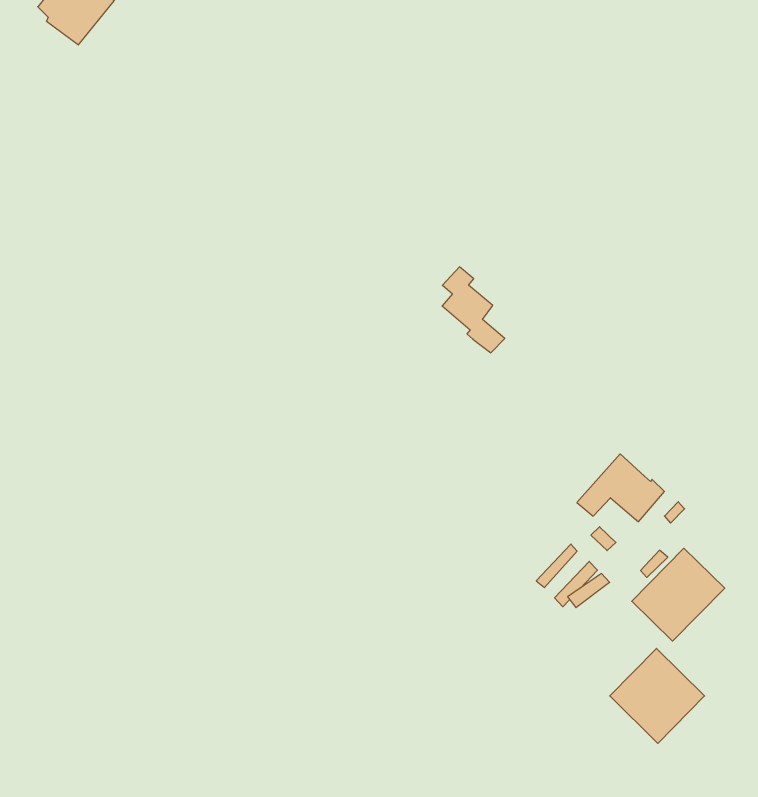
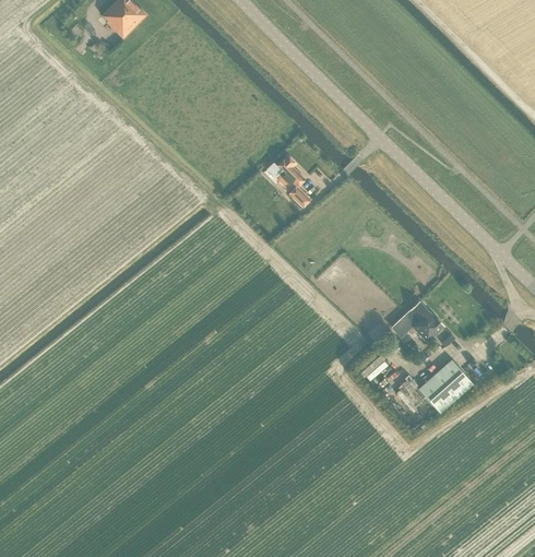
building: [442,267,505,353] -> [275,155,310,206]
building: [610,648,705,743] -> none

